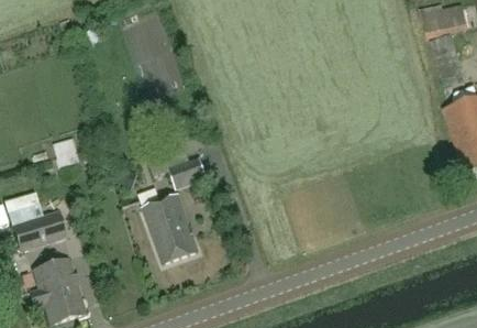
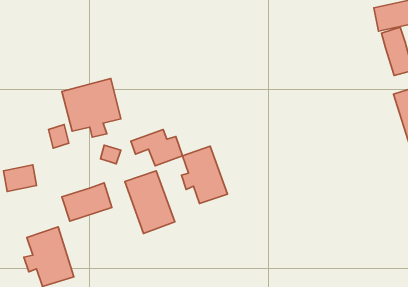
building: none -> [62,79,121,137]
building: none -> [181,146,227,203]
building: [11,207,67,250] -> [62,183,112,221]

